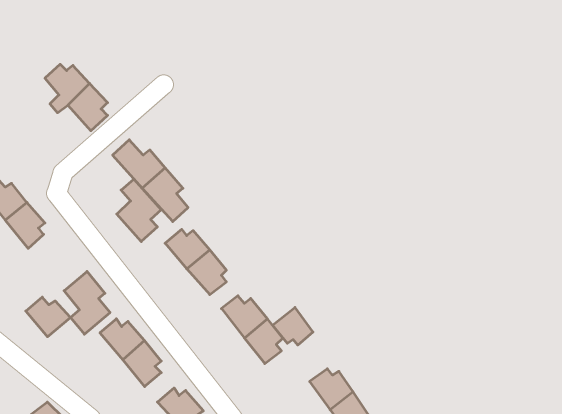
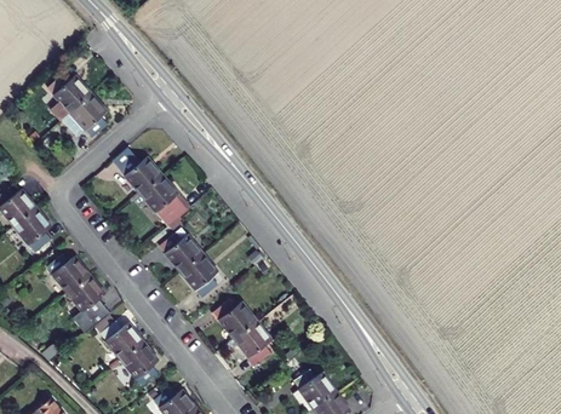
building: [117,179,161,242] -> none
building: [26,297,70,337] -> [46,257,88,294]
building: [273,307,313,345] -> none

